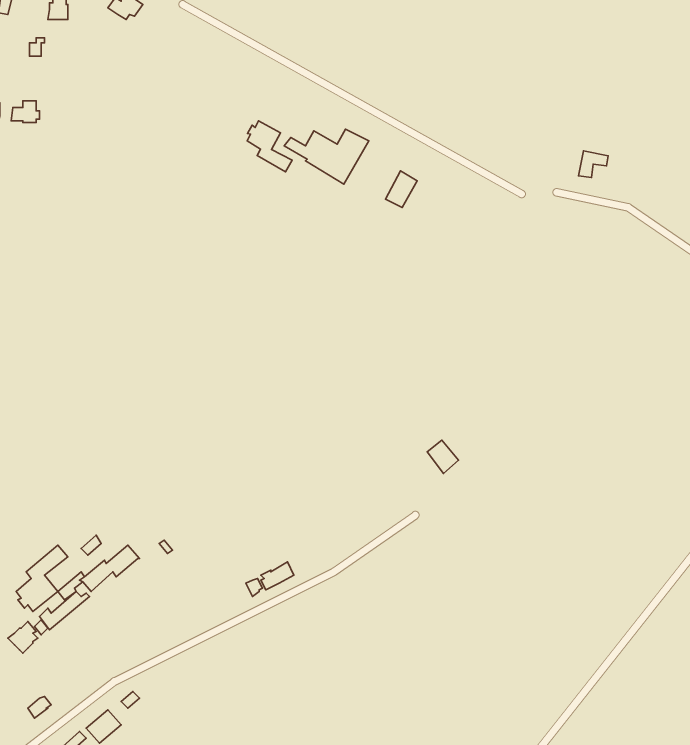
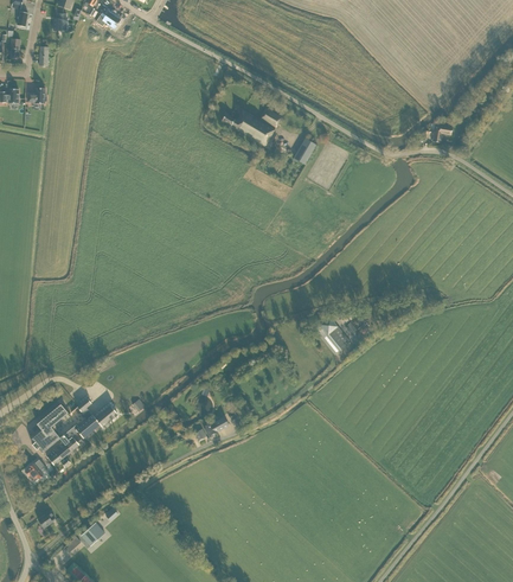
building: [247,121,292,172] -> none

